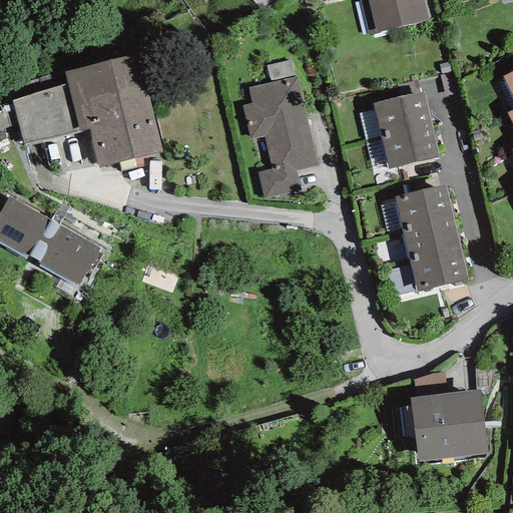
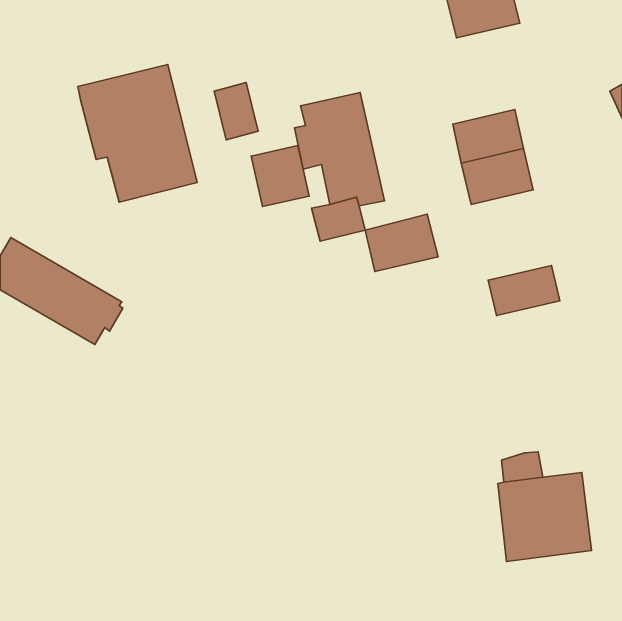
building: none -> [214,83,258,140]
building: [11,82,79,143] -> none
building: none -> [251,146,309,207]
building: [394,183,454,230] -> [365,214,438,272]
building: [409,247,468,292] -> none

